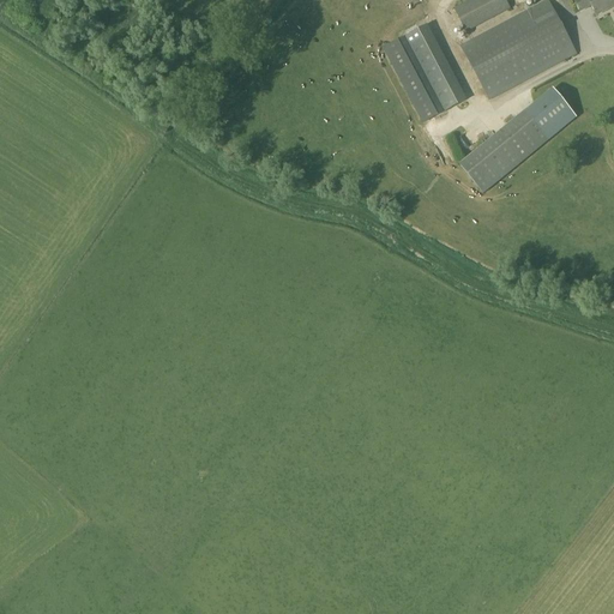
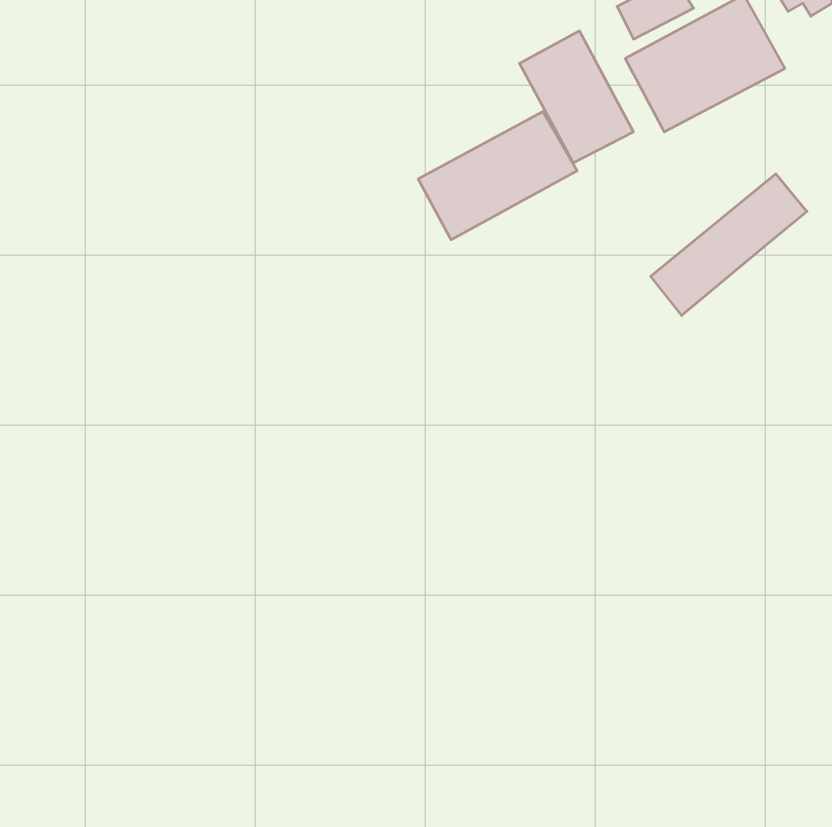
building: none -> [418,112,577,240]
building: [460,86,576,191] -> [651,174,807,316]

